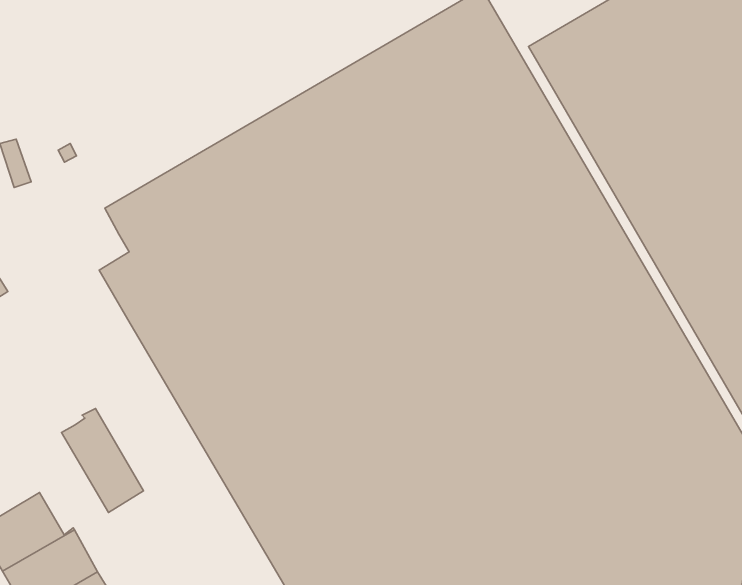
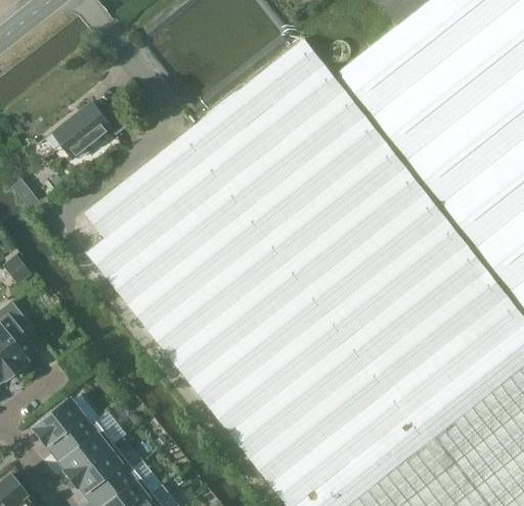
building: none -> [53,102,130,162]
building: [62,409,143,513] -> none

